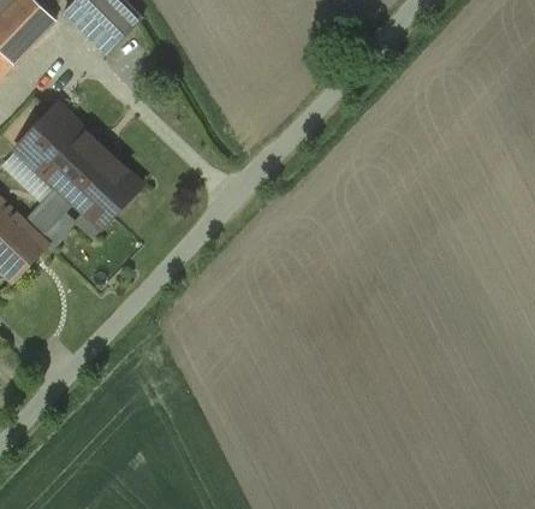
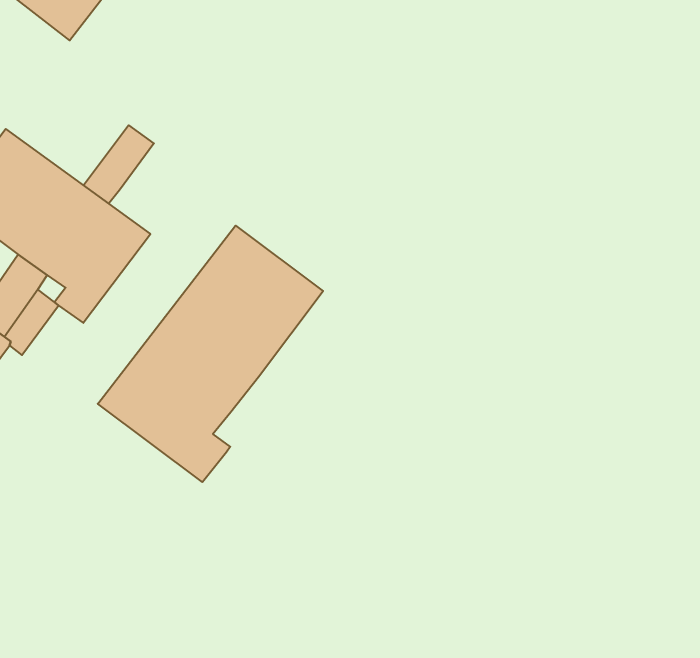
building: none -> [84,125,154,204]
building: none -> [98,226,323,482]

